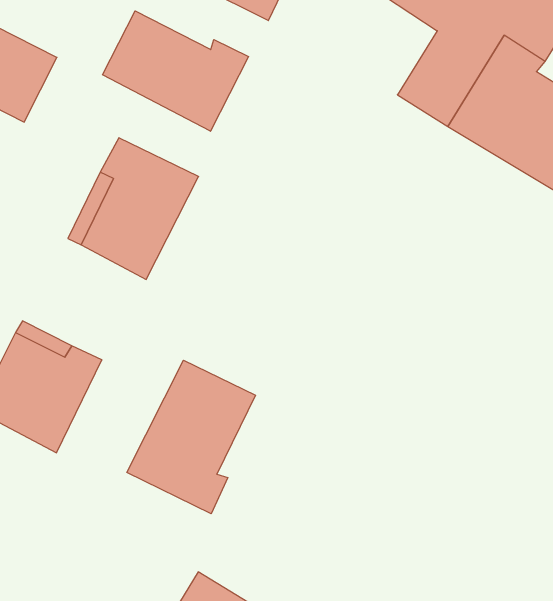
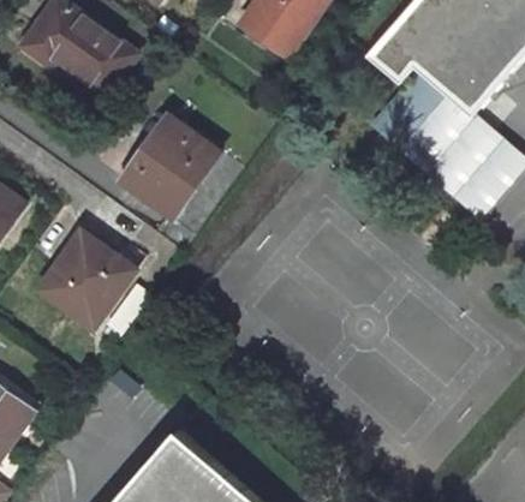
building: [103,11,249,131] -> none
building: [127,360,255,514] -> none

